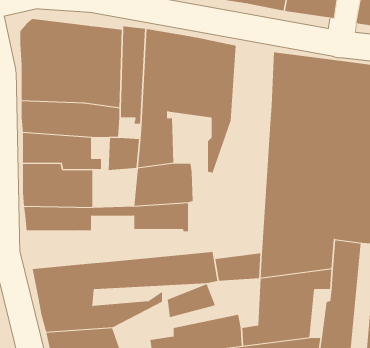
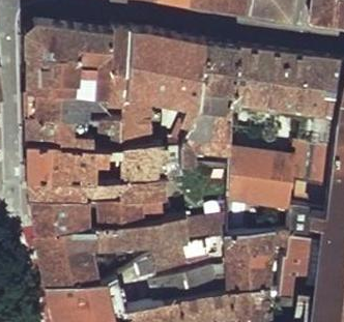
building: none -> [183,46,238,173]
building: none -> [99,201,165,228]
building: none -> [29,202,78,234]

